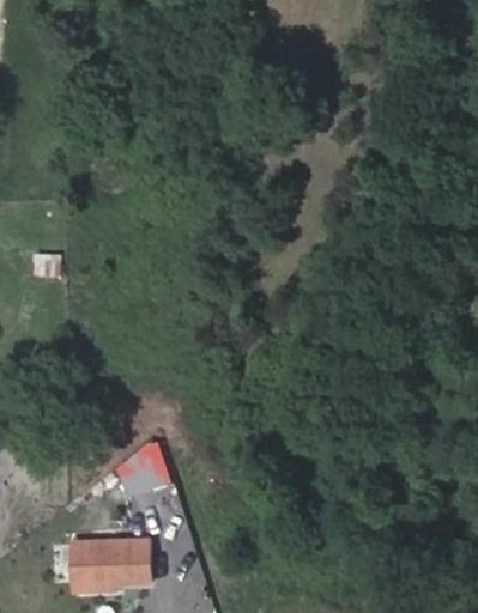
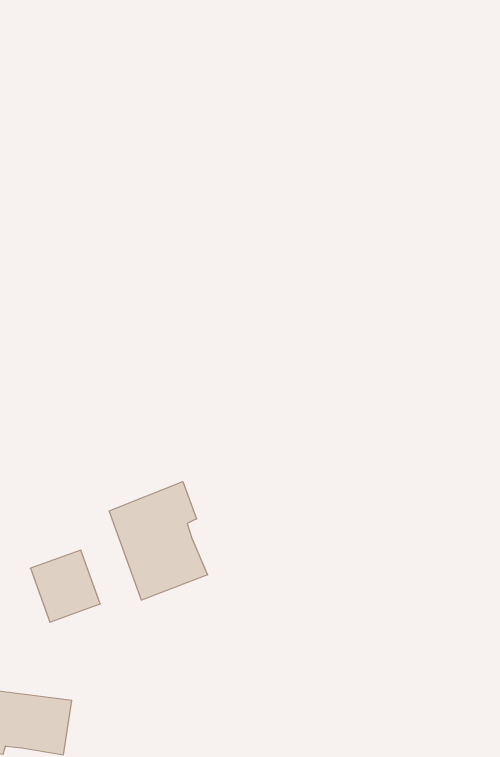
building: none -> [109,482,208,600]

